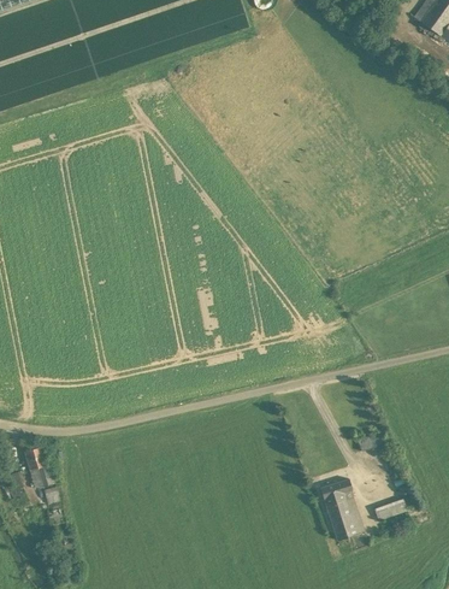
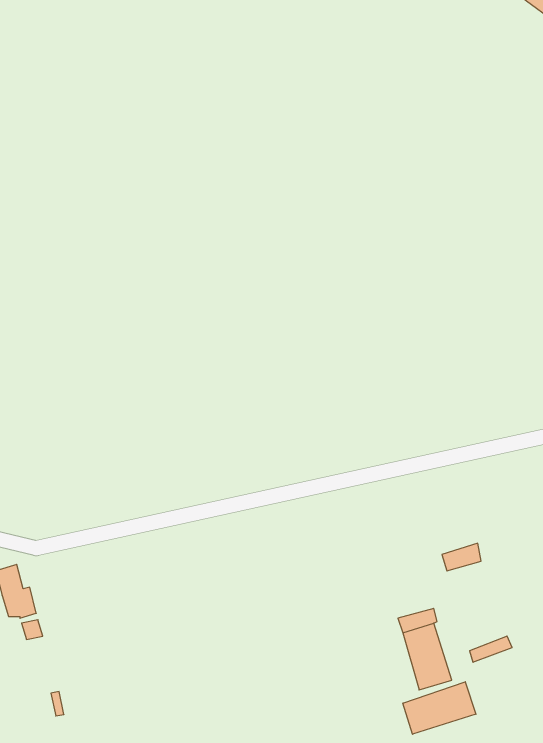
building: none -> [403,682,476,734]

